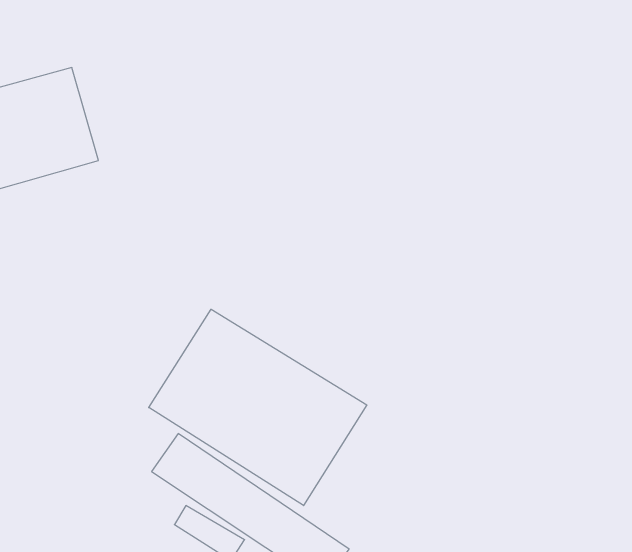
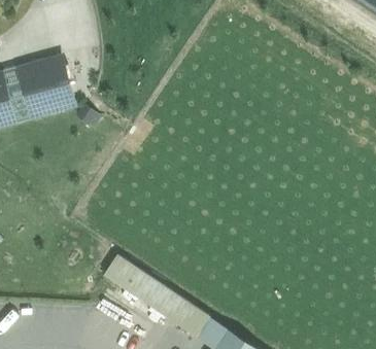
building: [149,309,367,506] -> none

